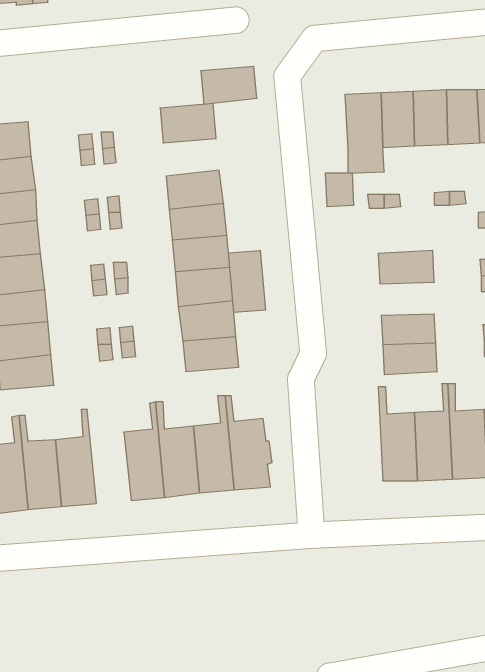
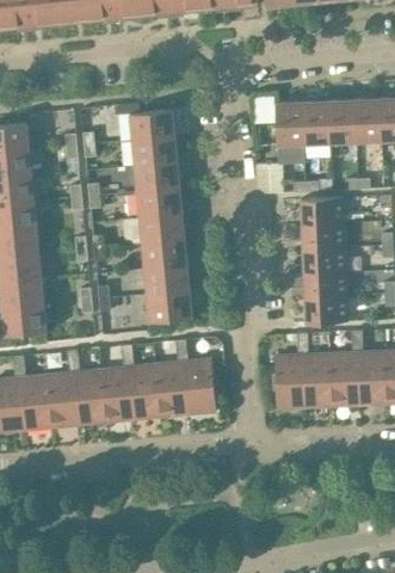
building: [201,66,257,104] -> [131,137,175,167]
building: none -> [300,197,344,228]
building: [229,250,265,312] -> none
building: none -> [302,251,345,277]
building: none -> [271,333,304,409]
building: none -> [72,350,106,425]

